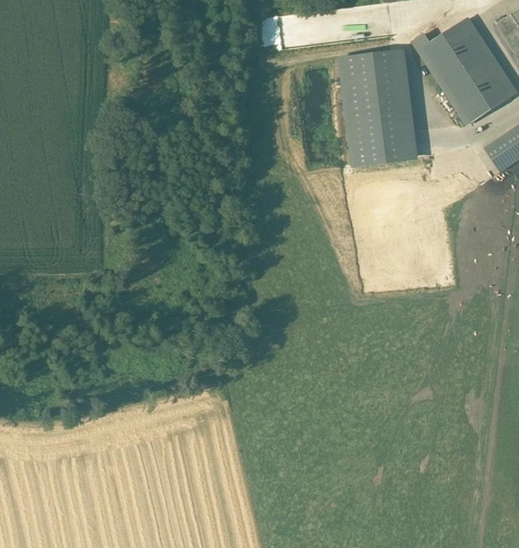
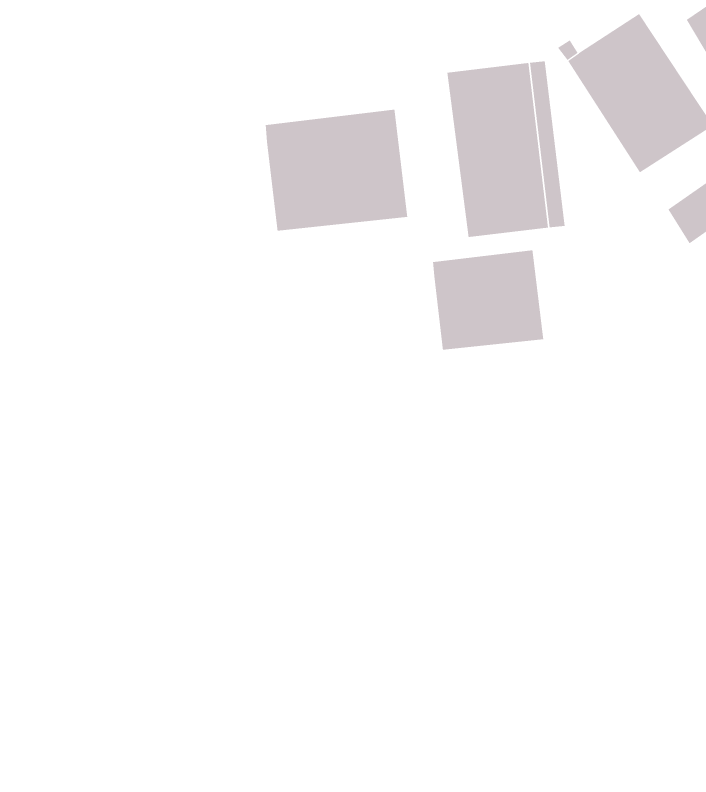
building: none -> [265,109,408,231]
building: none -> [432,250,544,350]

